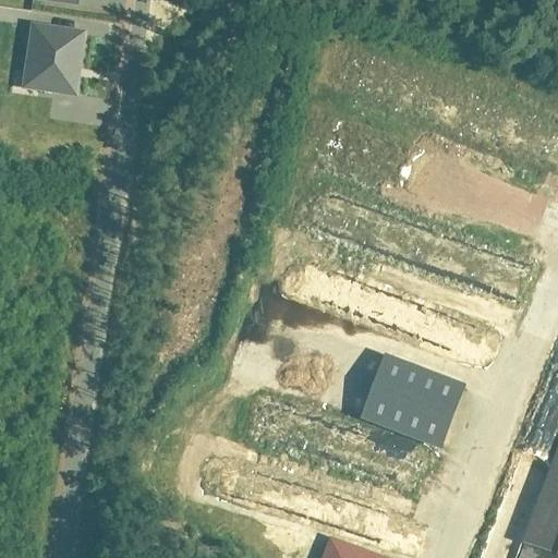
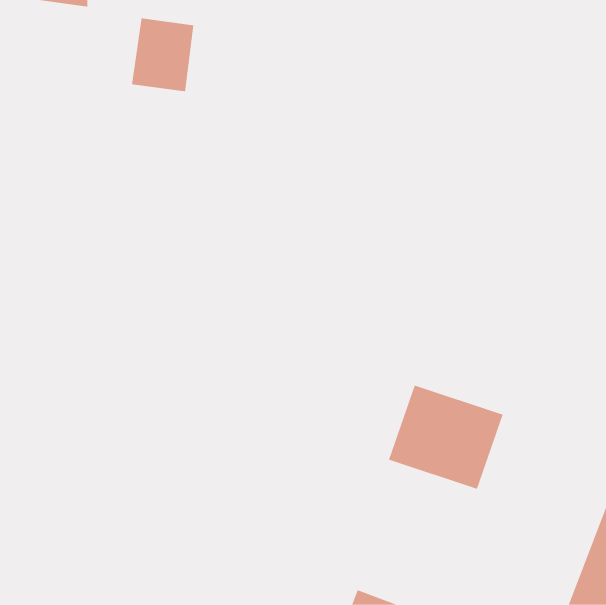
building: [27,24,85,92] -> [131,18,194,92]

